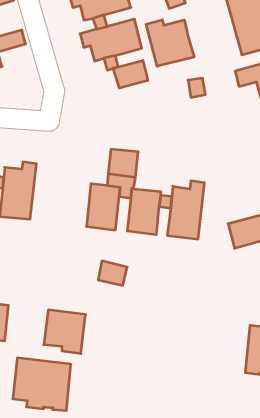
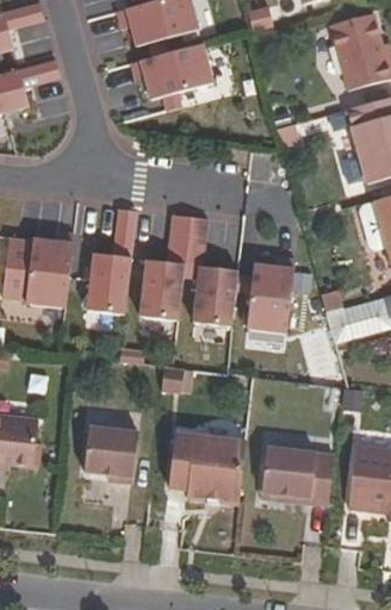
building: [146,20,194,66] -> none
building: [113,60,148,88] -> none
building: none -> [87,208,136,313]
building: none -> [260,447,334,505]
building: [13,358,71,411] -> [168,432,244,502]

